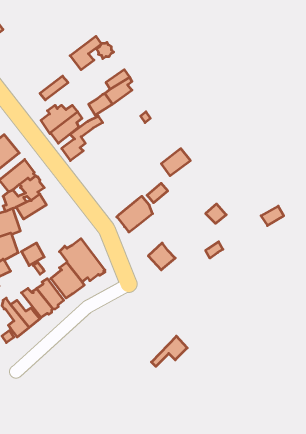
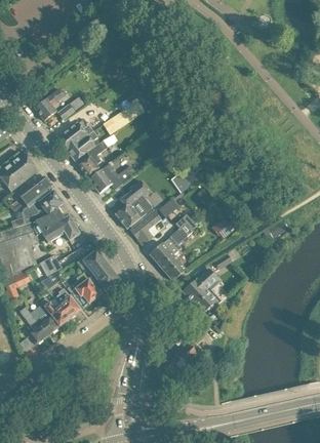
building: [70,36,101,70] -> [34,87,64,119]
building: none -> [88,162,138,192]
building: none -> [115,178,150,228]
building: none -> [42,214,79,241]
building: none -> [149,220,193,266]
building: none -> [182,267,217,312]

